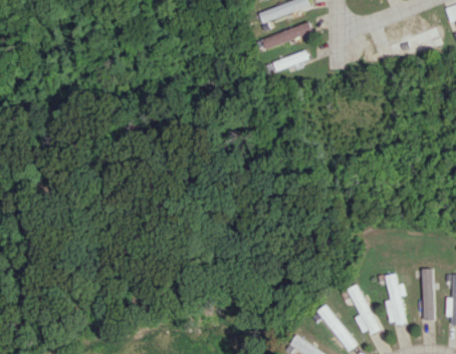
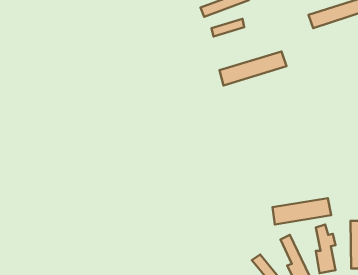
building: none -> [219,52,287,85]
building: none -> [272,198,331,225]

